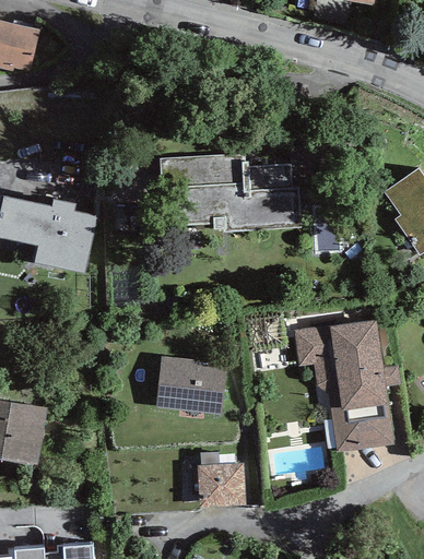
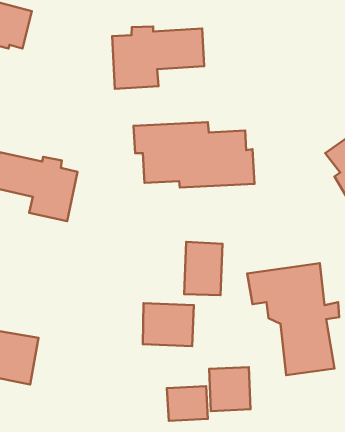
building: none -> [112,26,204,89]
building: none -> [184,242,222,295]
building: none -> [209,367,251,411]

